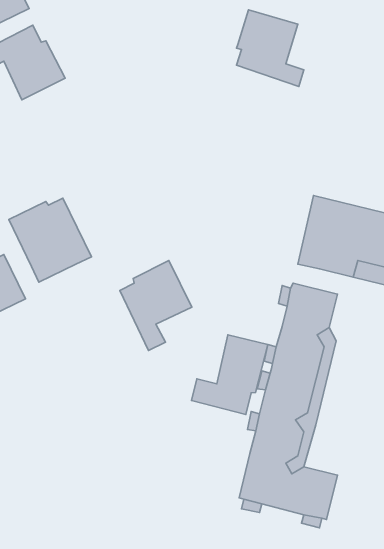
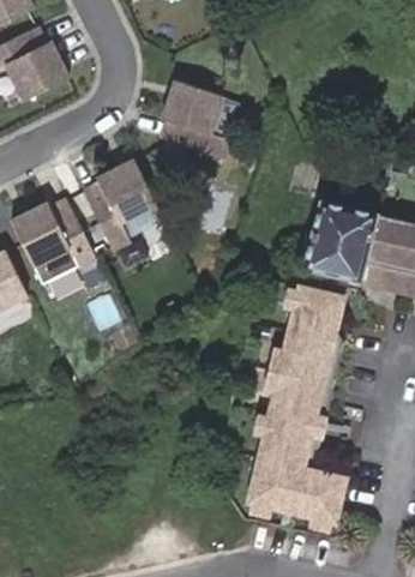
building: [237,10,304,87] -> [164,80,231,157]
building: [120,260,192,350] -> [85,161,157,251]
building: [192,335,268,414] -> none

